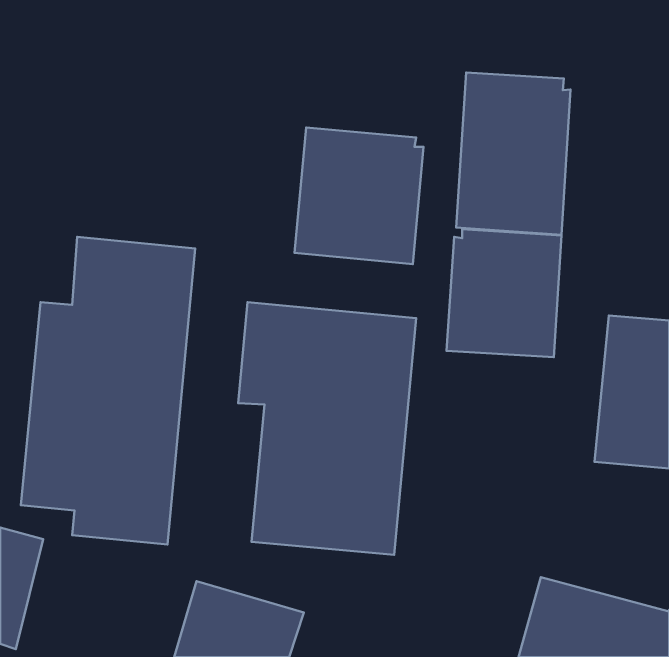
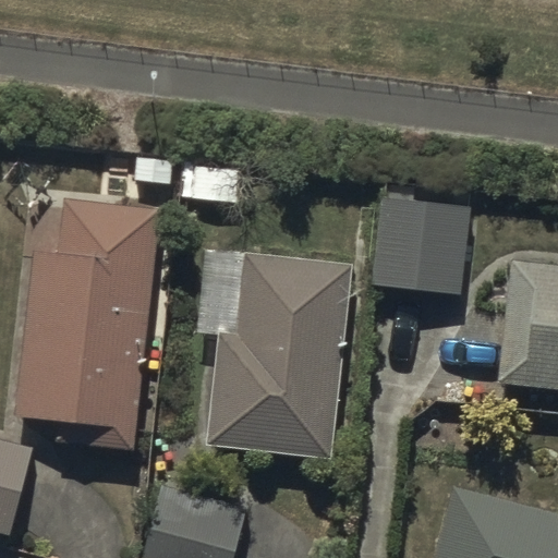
building: [456,72,571,235] -> none
building: [294,127,423,264] -> none

